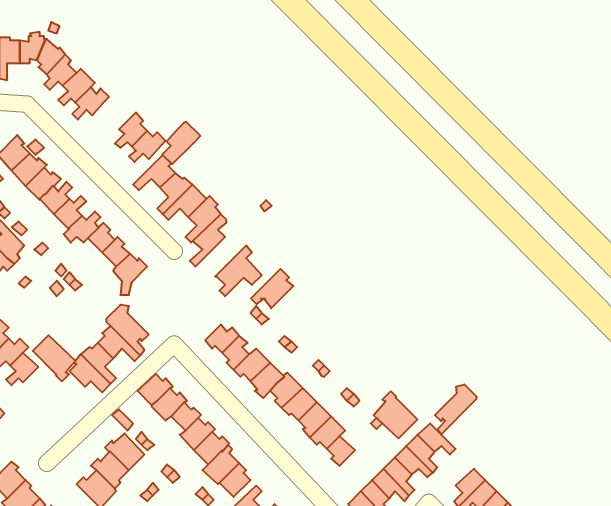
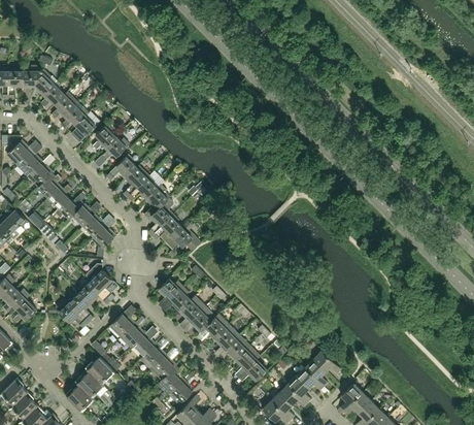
building: [162,122,200,164] -> [72,110,100,141]
building: [251,269,293,308] -> [150,214,181,242]
building: [33,335,75,381] -> none
building: [435,384,476,434] -> none
building: [374,391,417,438] -> none

